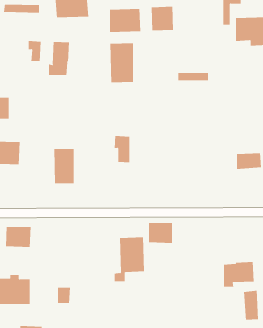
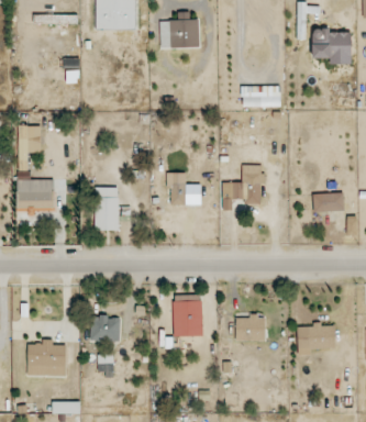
building: [151,6,174,31] -> none
building: [48,41,69,76] -> none
building: [110,43,133,83] -> none
building: none -> [222,165,263,208]
building: [148,223,173,244] -> [235,316,265,342]
building: [5,226,31,247] -> [89,316,121,342]
building: [243,290,259,320] -> none

